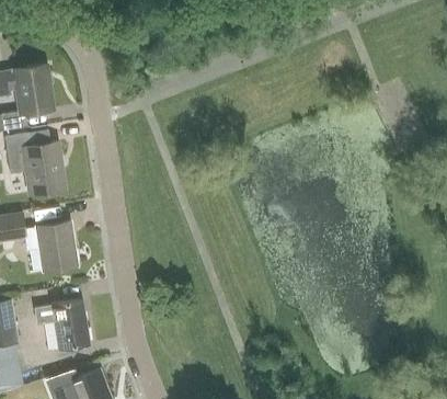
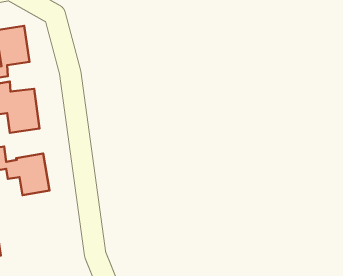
building: [33,299,89,350] -> none

